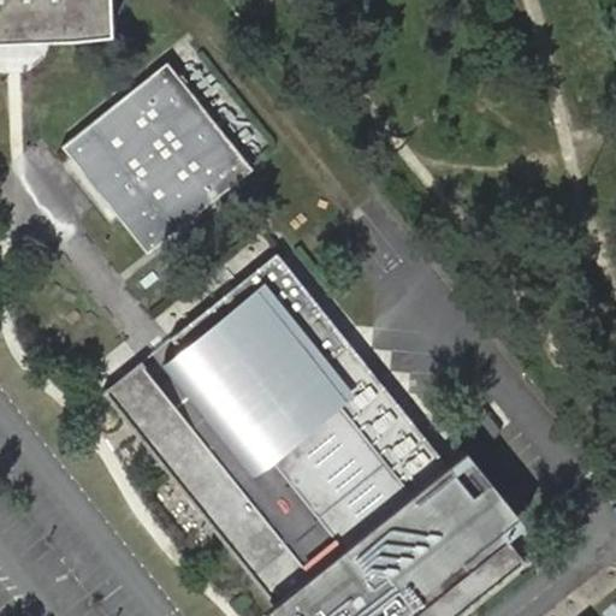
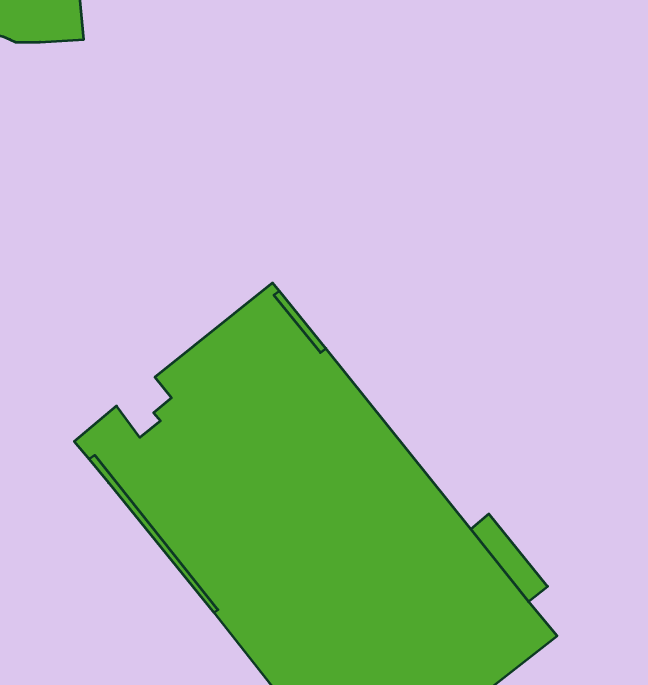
building: [61,61,253,253] -> none

